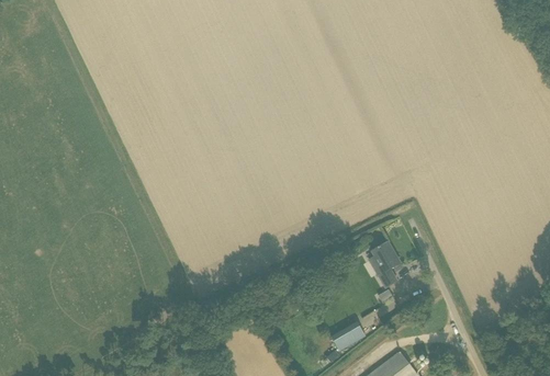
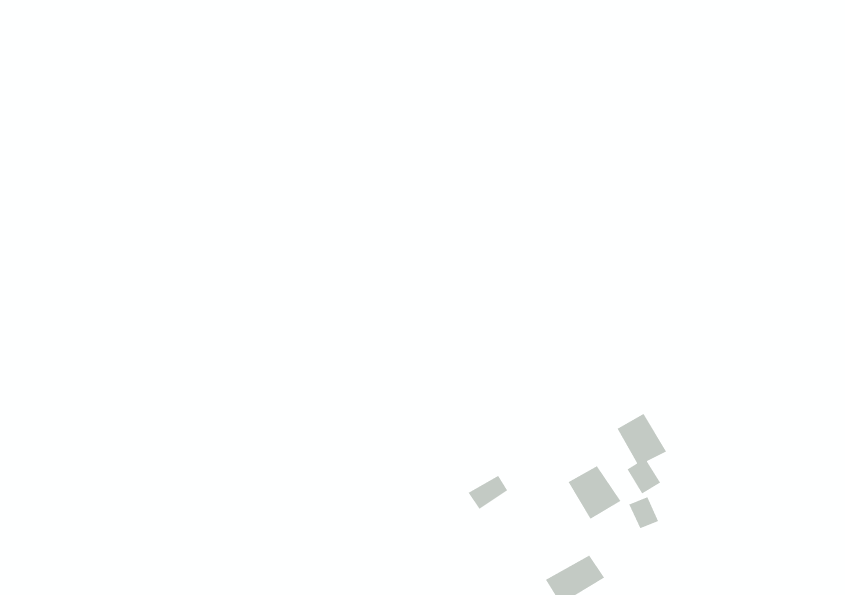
building: none -> [567,465,621,520]

